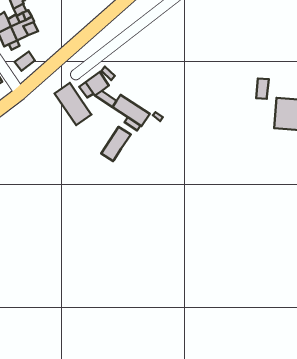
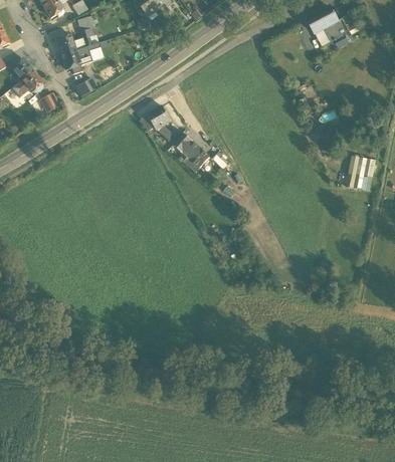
building: [54,83,92,125] -> none
building: [101,127,131,161] -> none

